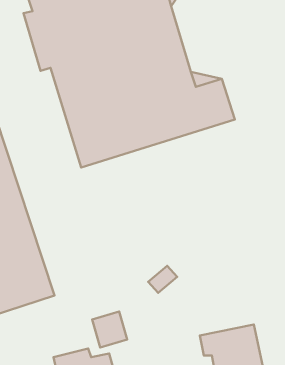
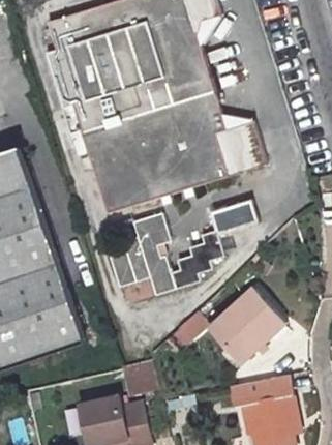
building: none -> [109,197,263,294]
building: none -> [209,288,285,364]

